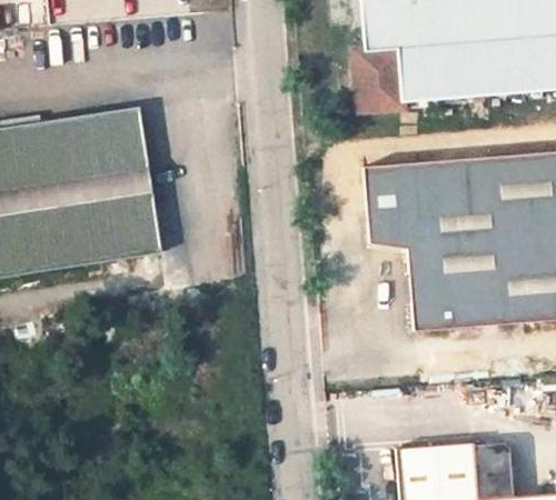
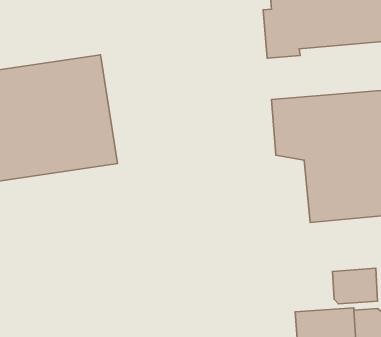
building: none -> [332,268,378,304]

